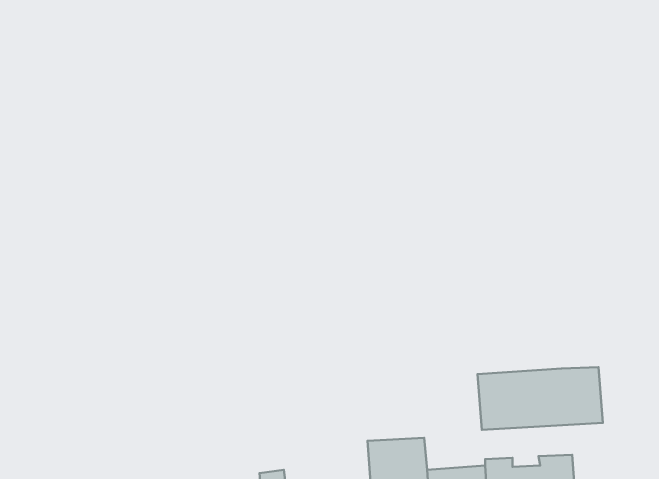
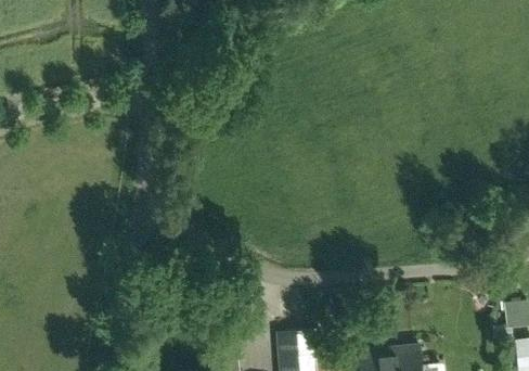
building: [478,367,603,430] -> none

